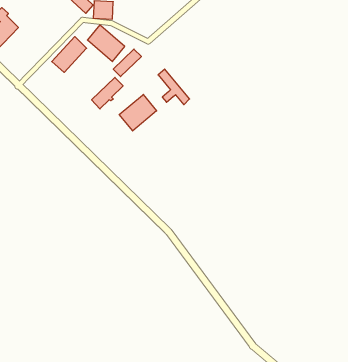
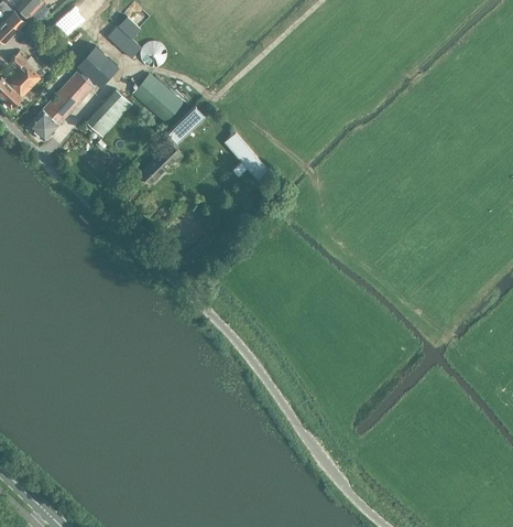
building: none -> [77,45,118,86]
building: none -> [29,72,94,141]
building: [119,94,157,131] -> none

